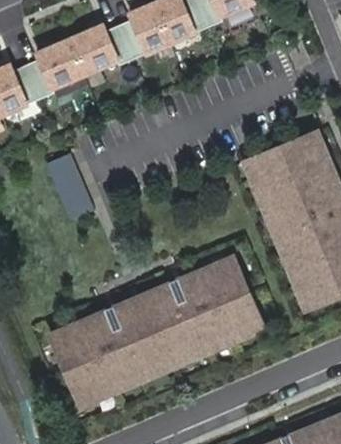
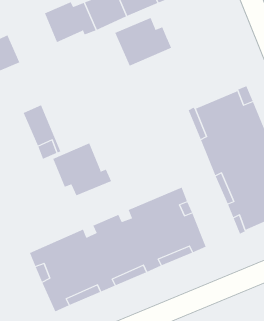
building: [26,40,85,100] -> none
building: none -> [115,17,172,67]
building: none -> [52,143,112,196]

